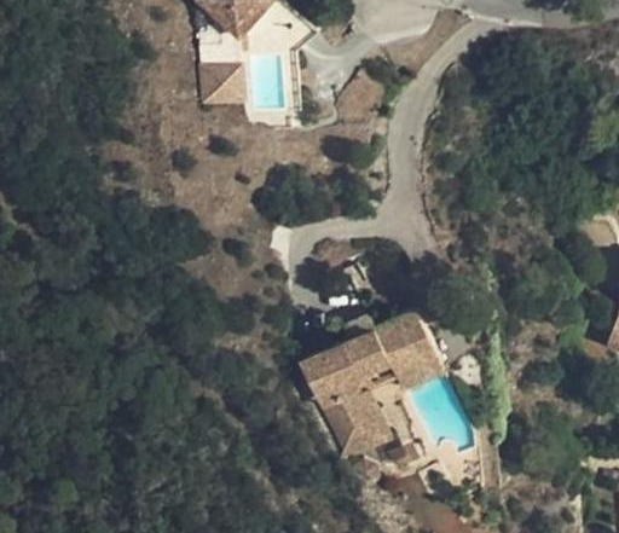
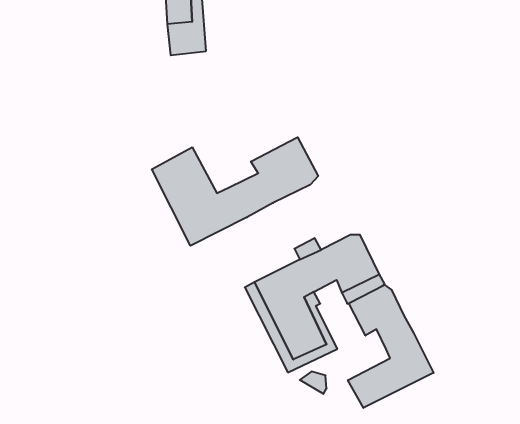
building: none -> [152,137,318,246]
building: none -> [348,285,434,408]

